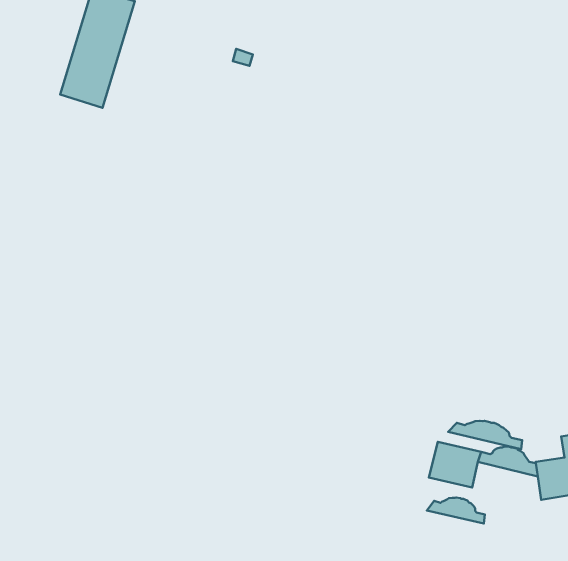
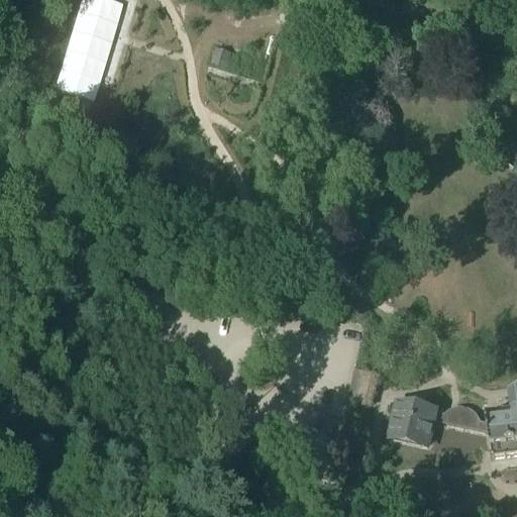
building: [448,421,522,449] -> none
building: [427,497,485,523] -> none

